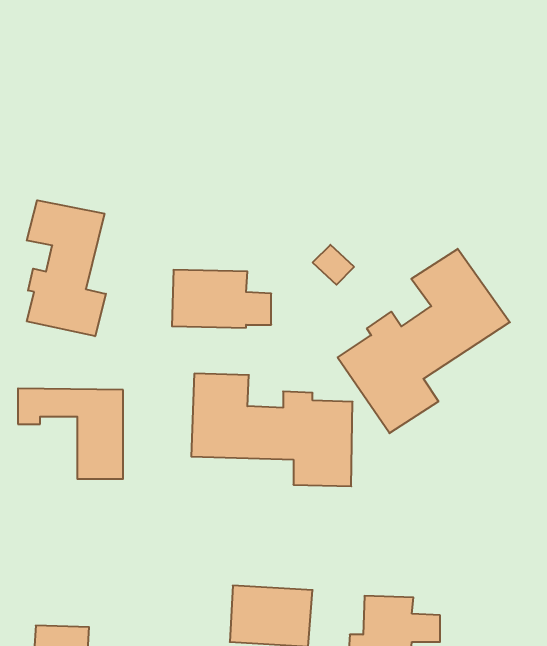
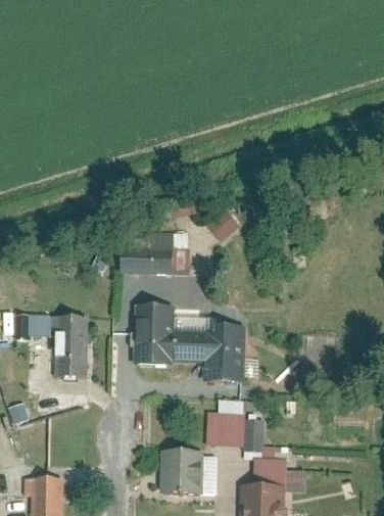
building: [27,200,106,336] -> none
building: [338,249,510,433] -> none
building: none -> [206,403,266,452]

